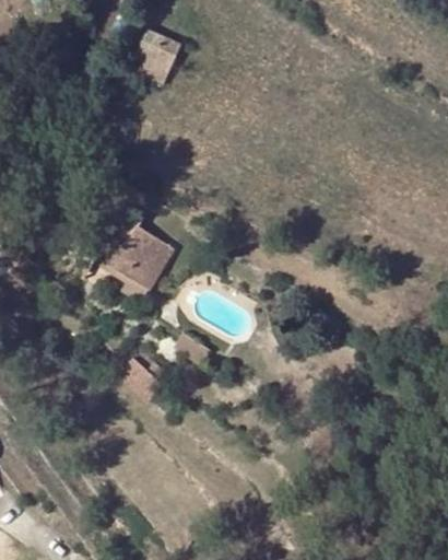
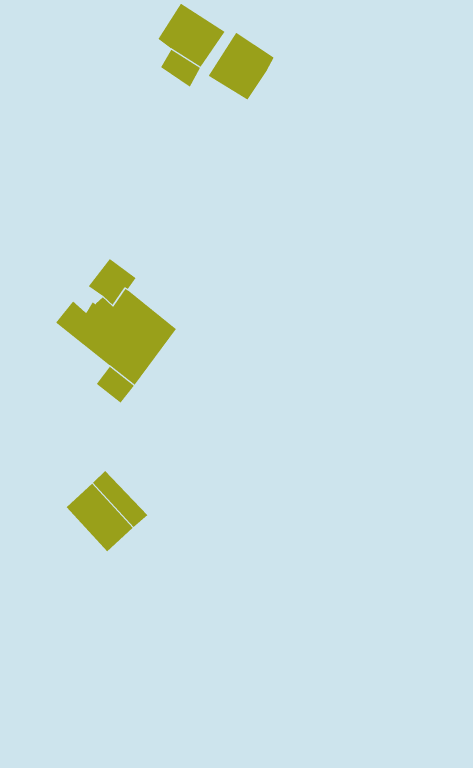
building: none -> [208,32,275,100]

